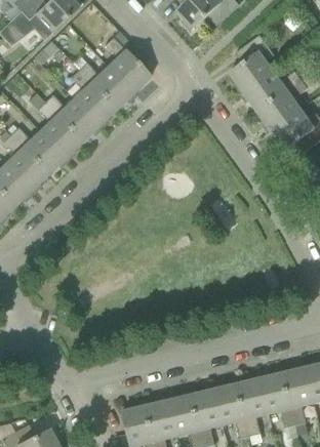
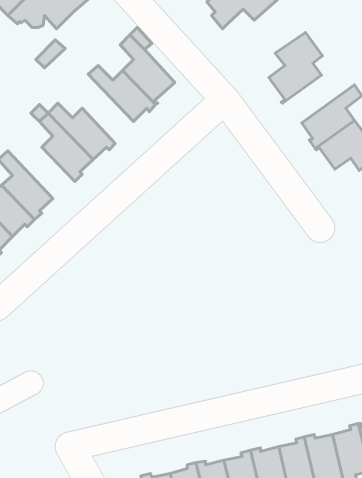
building: [71,70,116,128] -> none
building: [241,71,302,111] -> none
building: [10,127,67,174] -> none

